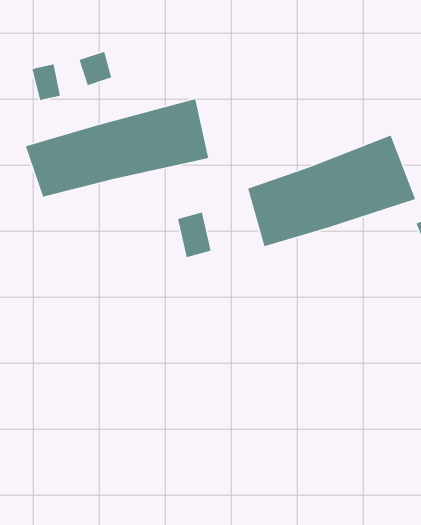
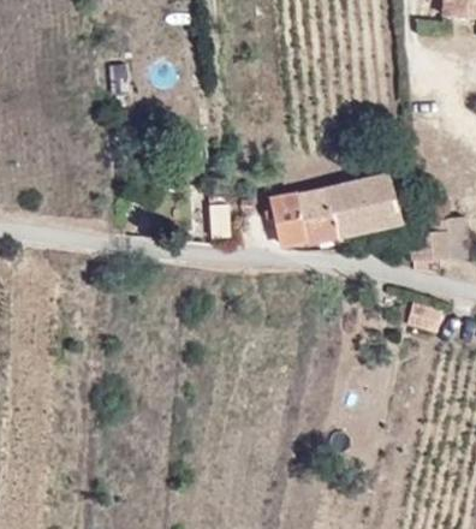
building: [25,98,209,197] -> none

